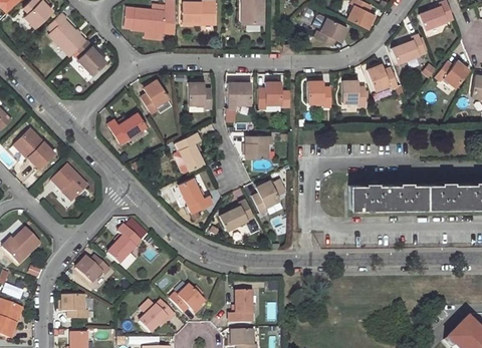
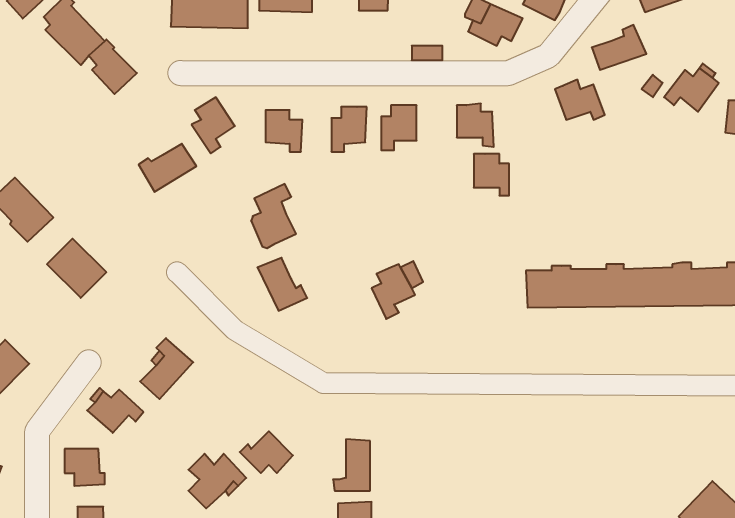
building: [338,79,360,105] -> [474,154,509,196]
building: [249,135,275,158] -> none
building: [220,202,255,232] -> none

